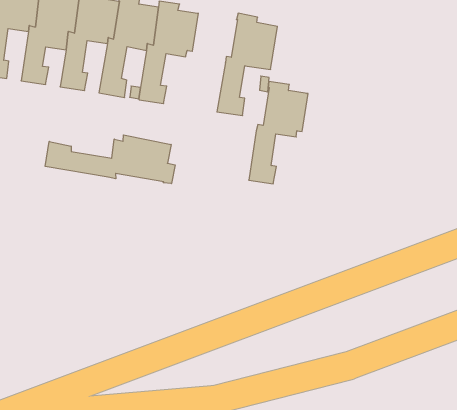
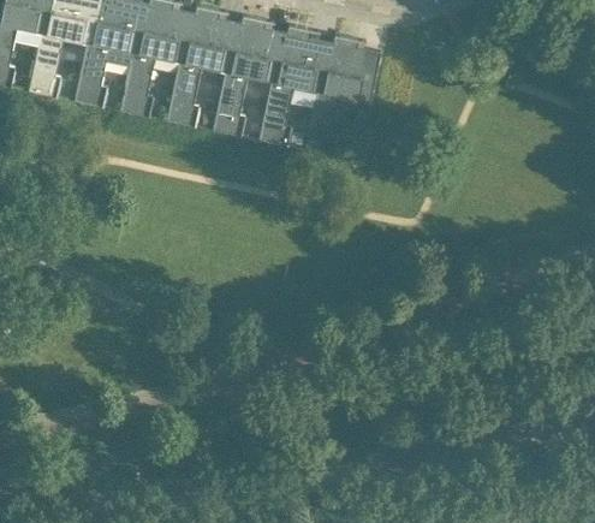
building: [249,81,308,184] -> [256,28,332,149]
building: [45,135,175,184] -> none

